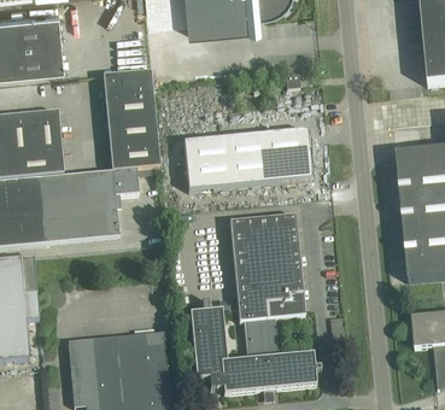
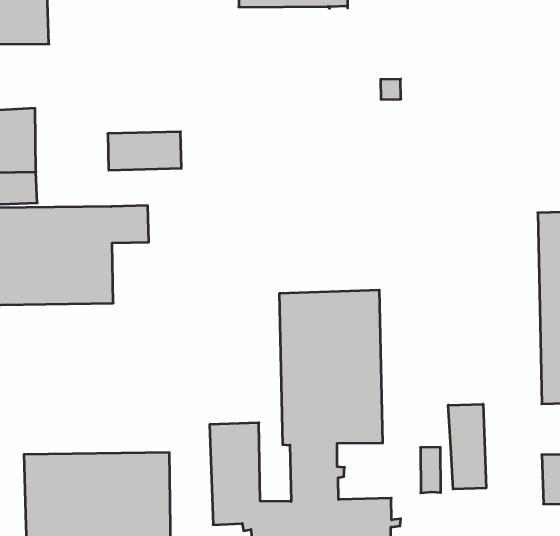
building: [101,69,154,122] -> none
building: [182,128,310,189] -> none
building: [109,141,158,169] -> none
building: none -> [448,404,486,489]

